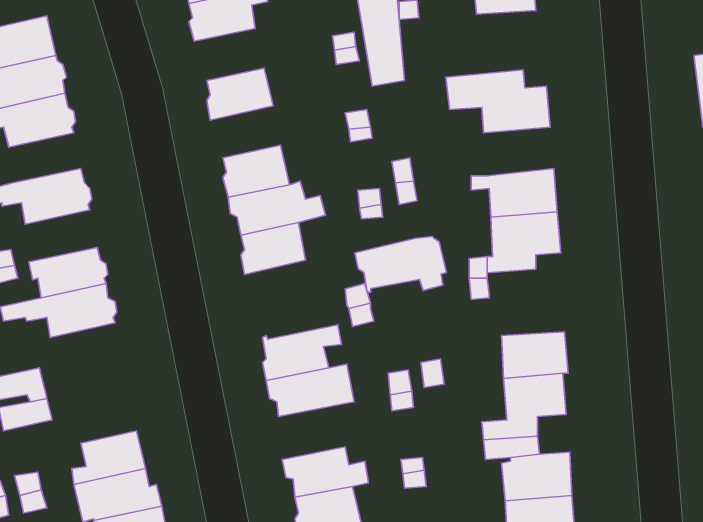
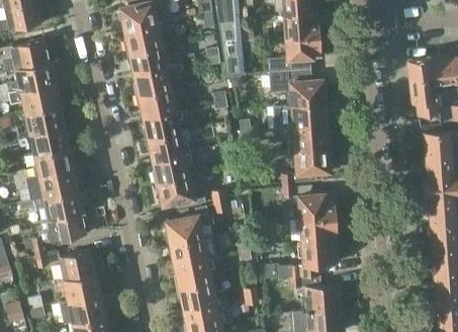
building: none -> [269,35,322,73]
building: none -> [127,46,167,75]
building: none -> [136,89,176,118]
building: none -> [290,101,330,129]
building: none -> [23,104,65,133]
building: none -> [32,148,74,177]
building: [355,237,446,292] -> [156,175,207,206]
building: none -> [298,192,336,219]
building: none -> [47,212,87,242]
building: none -> [59,250,95,279]
building: none -> [175,257,213,288]

